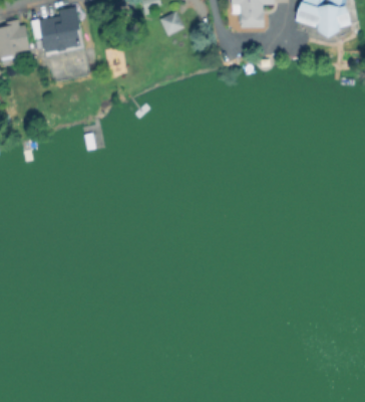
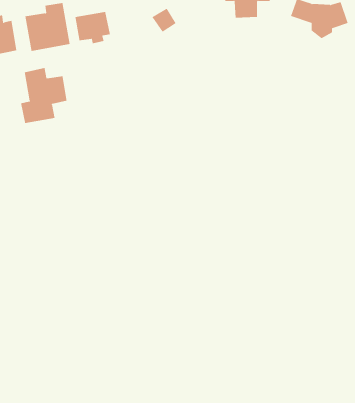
building: none -> [75,11,110,44]
building: none -> [20,67,67,124]

